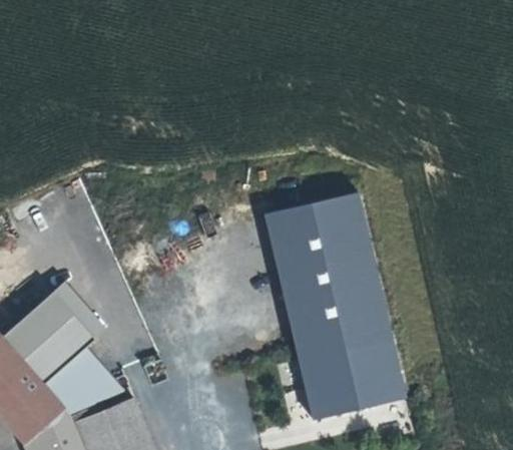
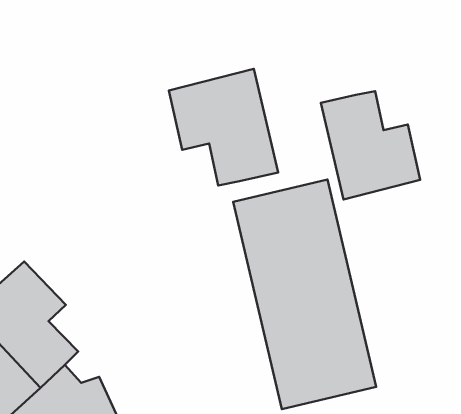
building: none -> [169,69,278,185]
building: none -> [321,91,420,199]

